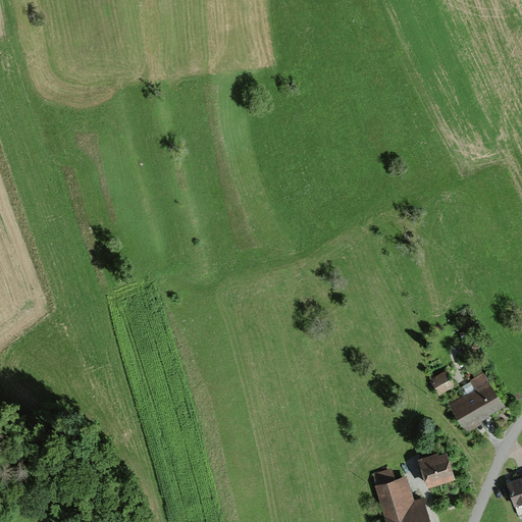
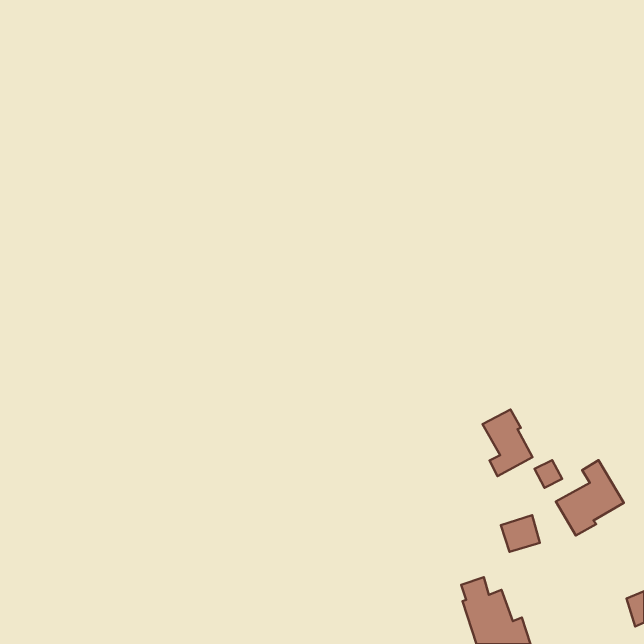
building: none -> [483,409,533,476]
building: [420,456,452,485] -> [501,515,540,552]

